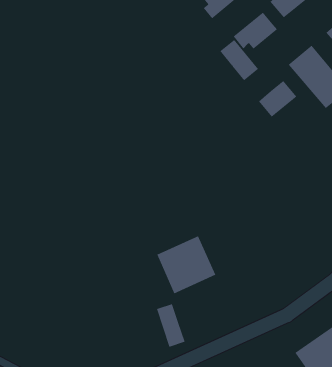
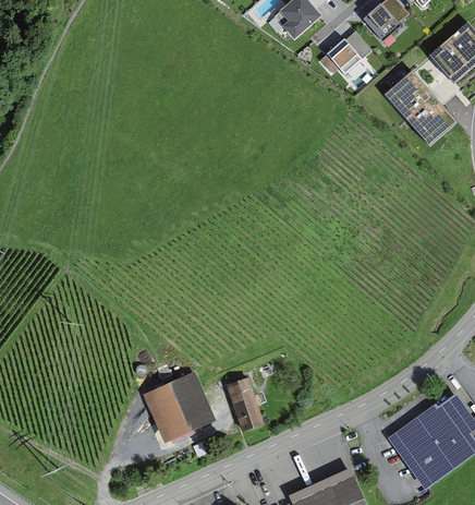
building: [220,39,259,81] -> none
building: [258,80,297,118] -> none
building: [156,235,216,294] -> [144,372,215,442]

